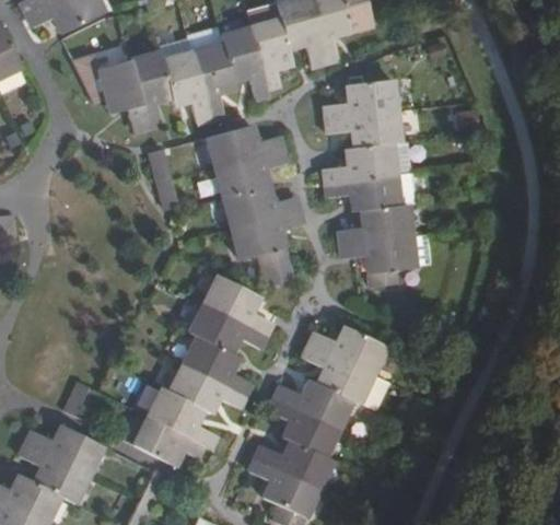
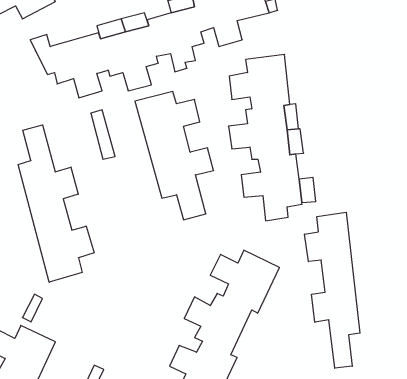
building: none -> [18,125,94,282]
building: [132,275,273,468] -> none
building: none -> [305,212,360,368]

